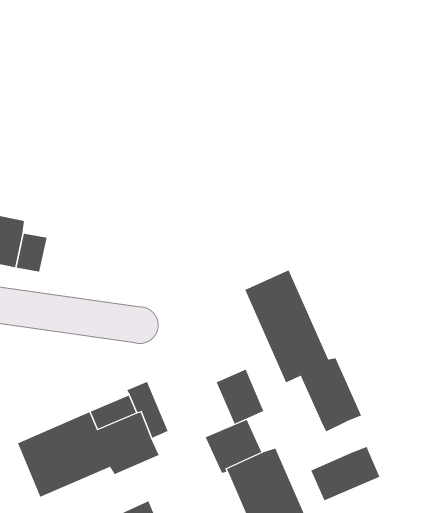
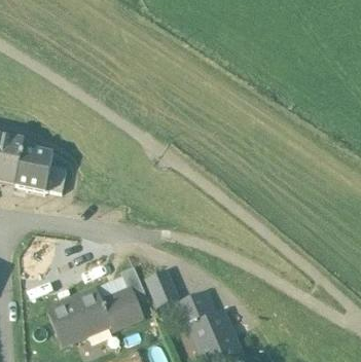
building: [245,269,362,432] -> none
building: [216,369,264,425] -> [145,269,178,307]
building: [311,446,380,501] -> none

